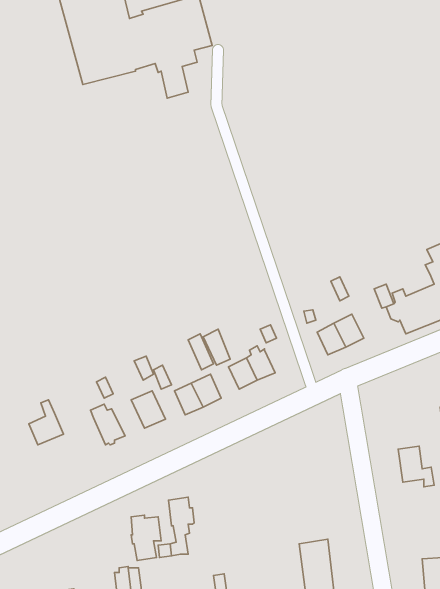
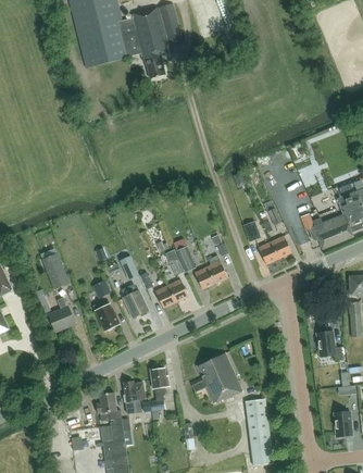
building: none -> [41,253,70,289]
building: none -> [190,353,241,402]
building: none -> [96,391,121,420]

